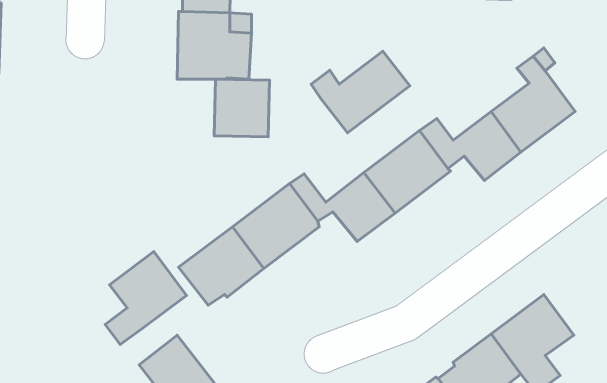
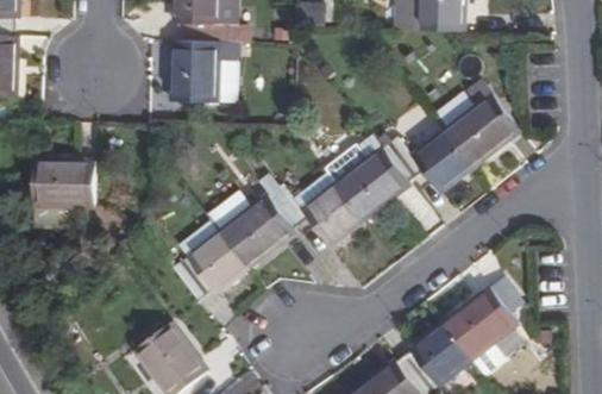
building: [311,51,410,133] -> none
building: [214,79,270,137] -> none
building: none -> [36,158,98,204]
building: [105,251,186,344] -> none

